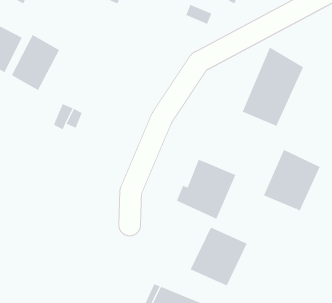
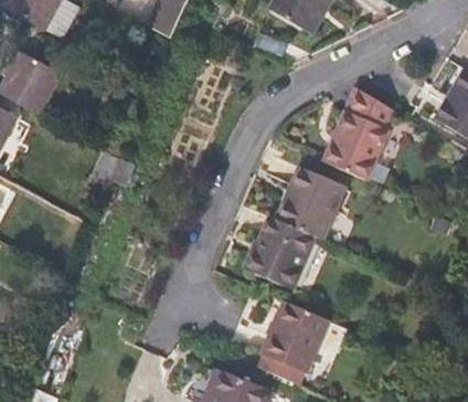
building: [11,34,60,91] -> none
building: [263,149,321,211] -> [276,167,344,241]

